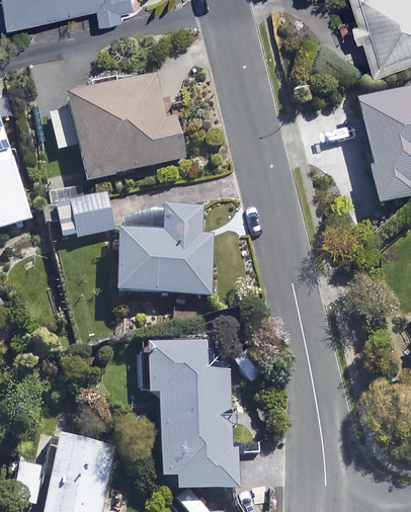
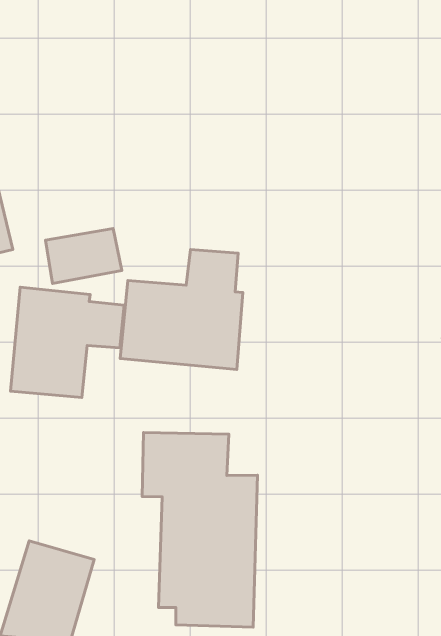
building: [49,71,186,179] -> none
building: none -> [11,287,124,397]

